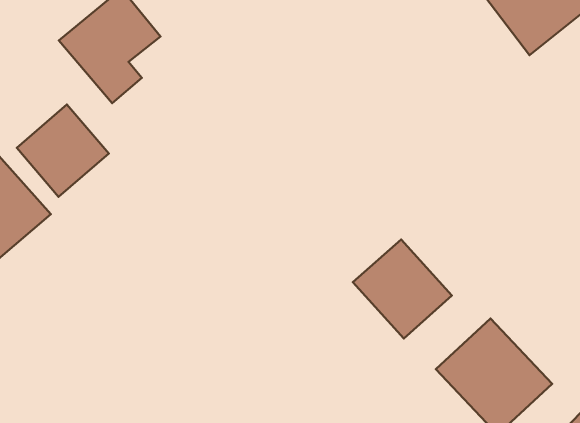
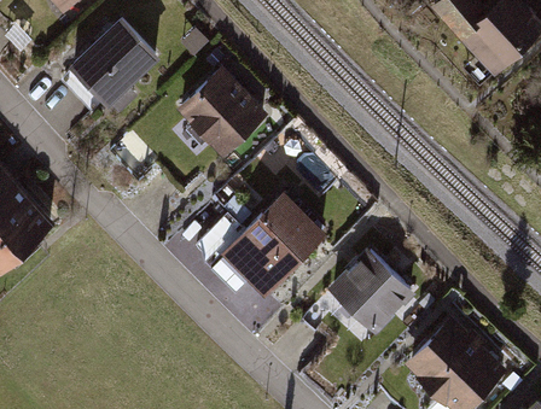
building: none -> [176,64,268,156]
building: [17,104,109,197] -> none
building: none -> [223,188,328,293]

